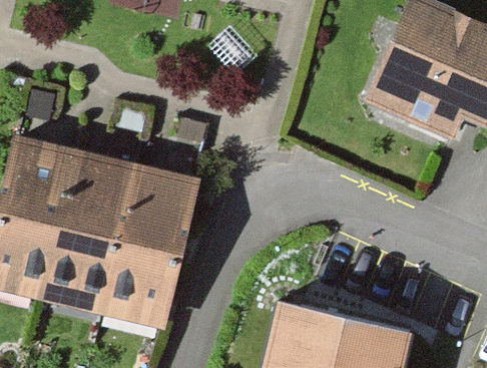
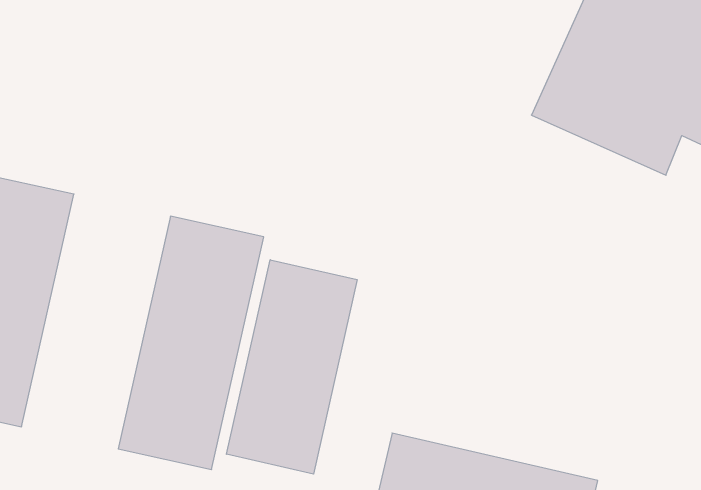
building: [45,150,139,312] -> none
building: none -> [226,260,357,474]

